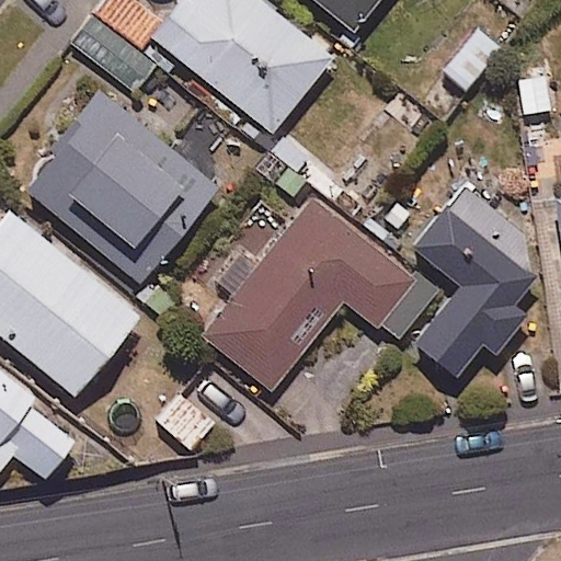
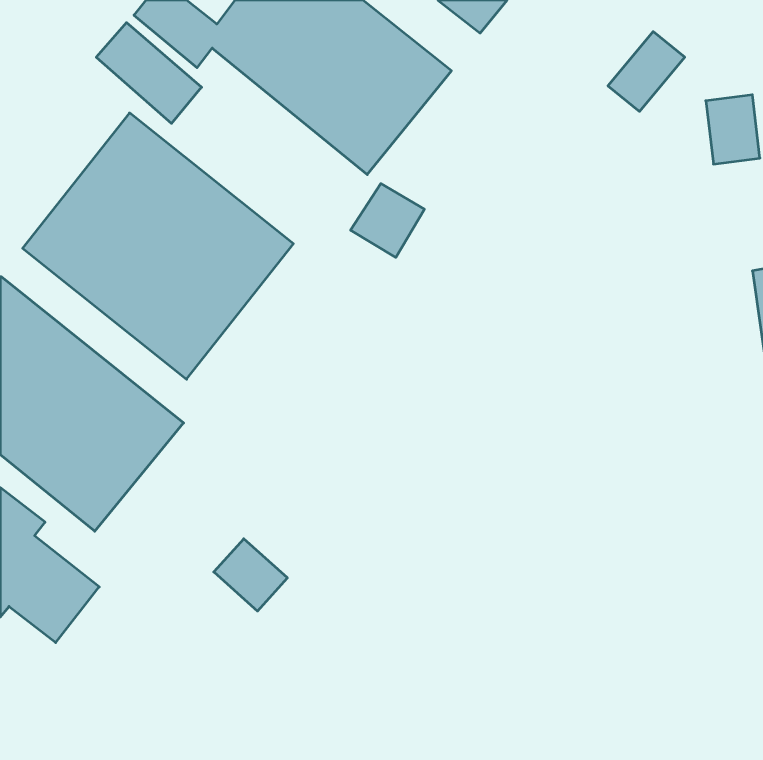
building: [411,182,531,378] -> none
building: [202,197,435,392] -> none

